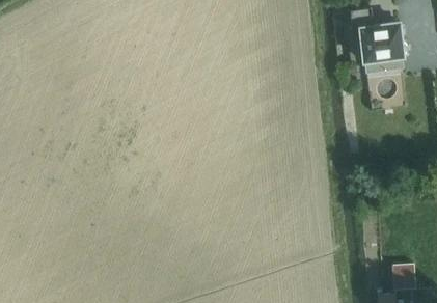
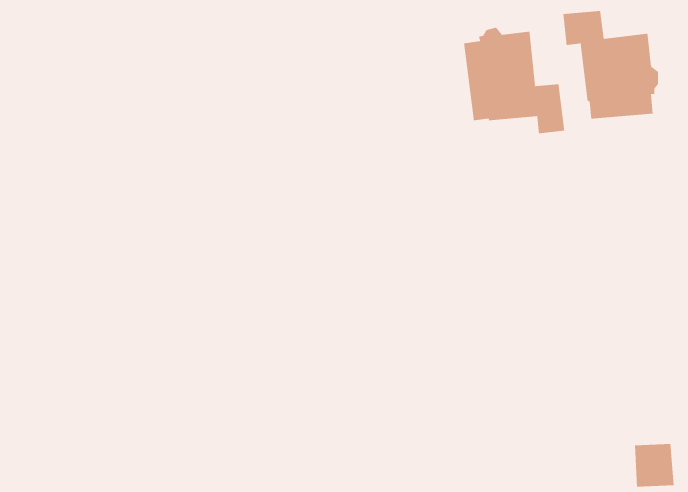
building: none -> [464,27,565,134]

